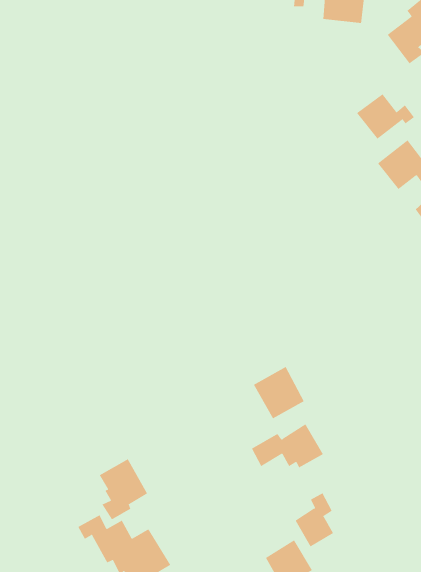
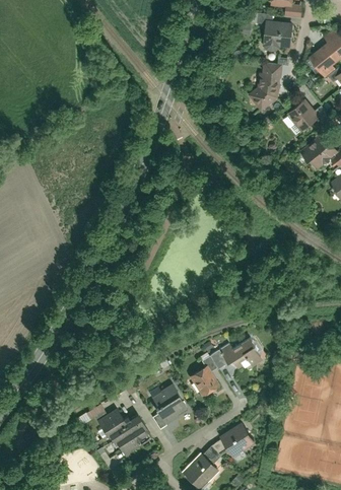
building: none -> [248,63,281,112]
building: [253,366,304,419] -> none
building: [99,459,148,520] -> [150,384,186,429]
building: [295,492,334,547] -> [190,356,218,396]

